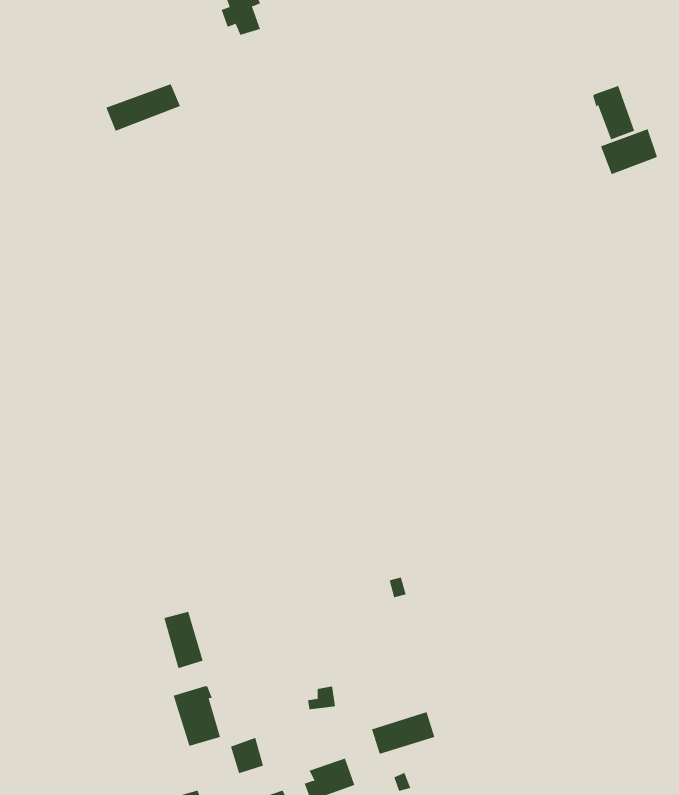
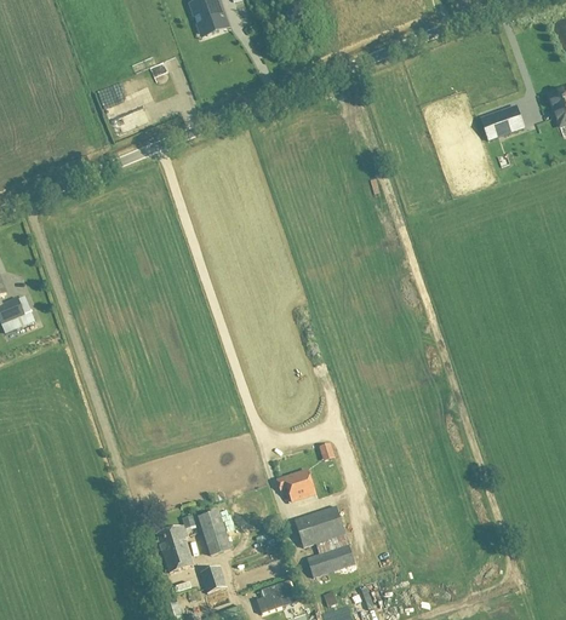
building: [592,85,635,140] -> none
building: [163,611,203,669] -> [199,511,229,555]
building: none -> [278,470,314,500]
building: none -> [293,505,344,547]

